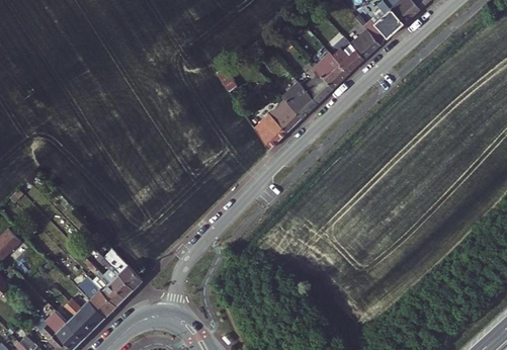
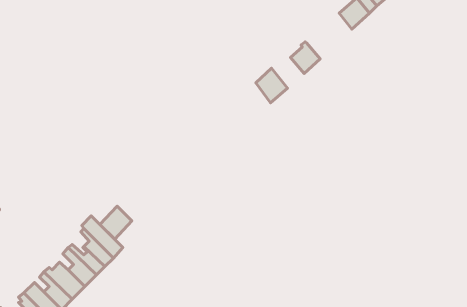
building: [318,47,361,90] -> none
building: [282,83,316,118] -> none
building: [253,113,283,151] -> none
building: none -> [100,206,132,239]

